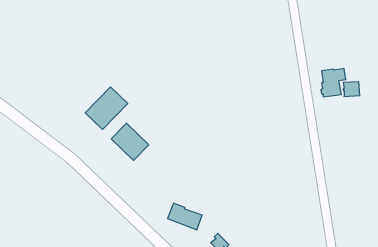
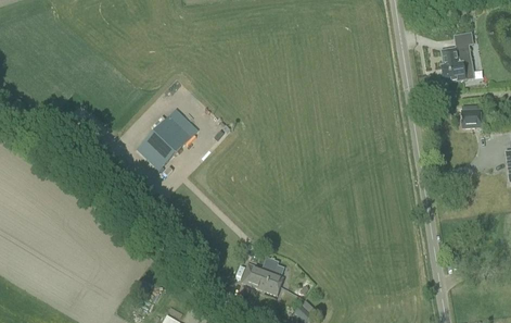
building: [321,68,346,97] -> [440,46,472,82]
building: [111,123,149,160] -> none

